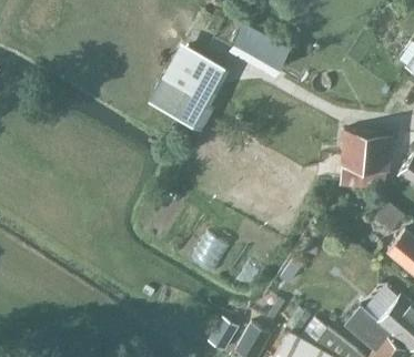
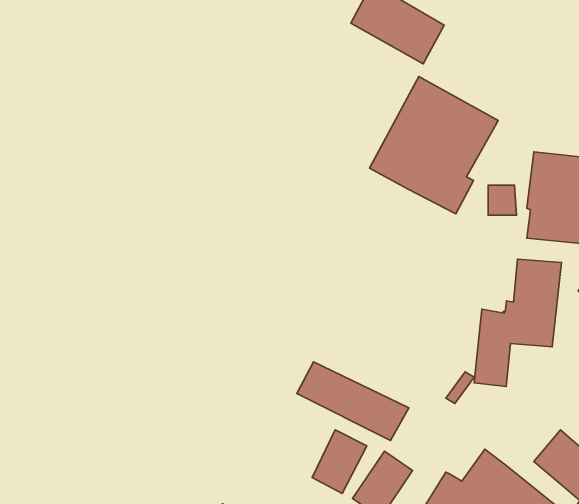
building: [149,44,230,131] -> [370,77,498,214]
building: none -> [474,259,561,387]
building: none -> [297,362,409,440]

